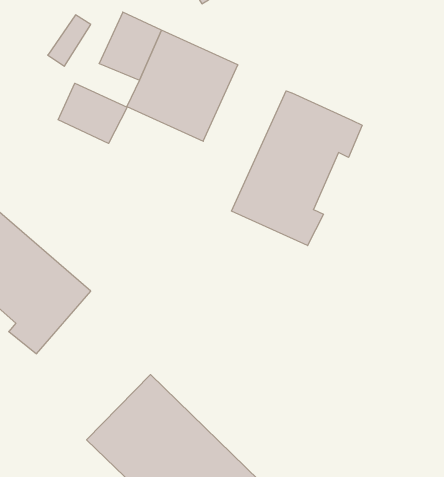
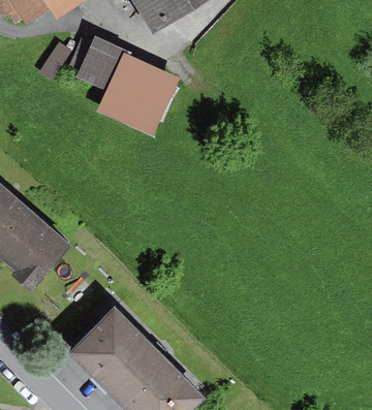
building: [58,83,127,143] -> none
building: [231,91,362,246] -> none

